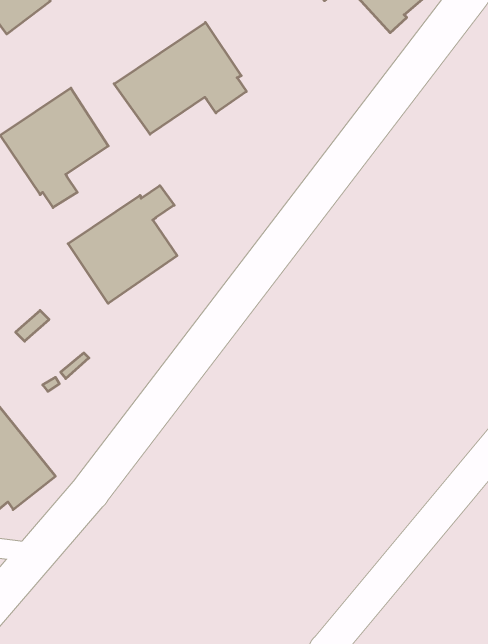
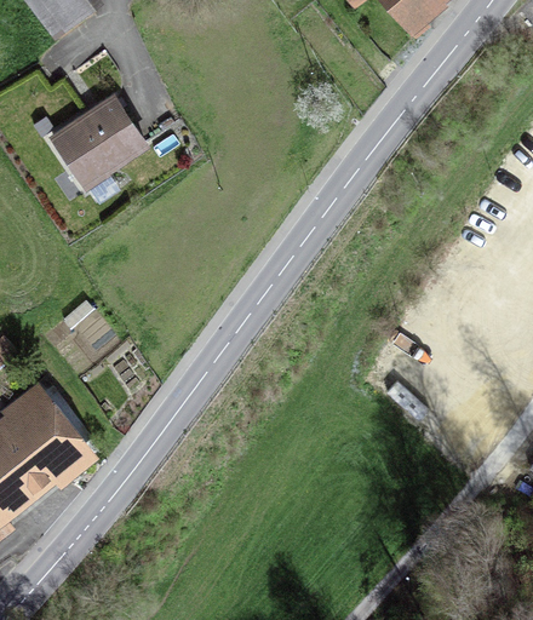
building: [114,22,246,134] -> none
building: [68,186,177,303] -> none

